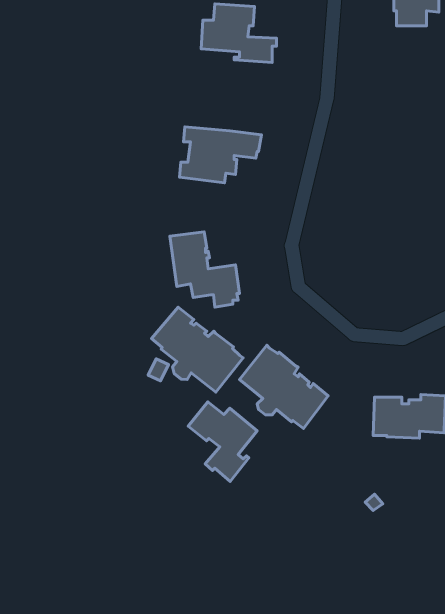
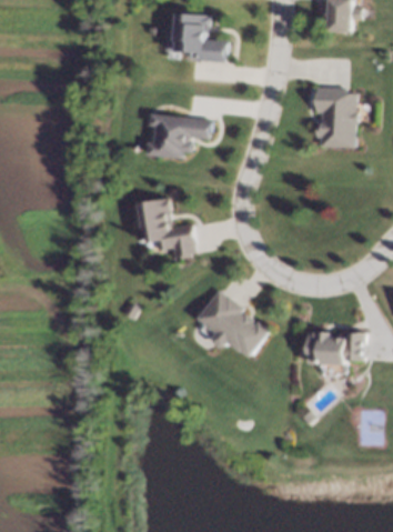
building: none -> [314,87,355,147]
building: [151,307,243,392] -> none
building: [188,402,257,482] -> none

